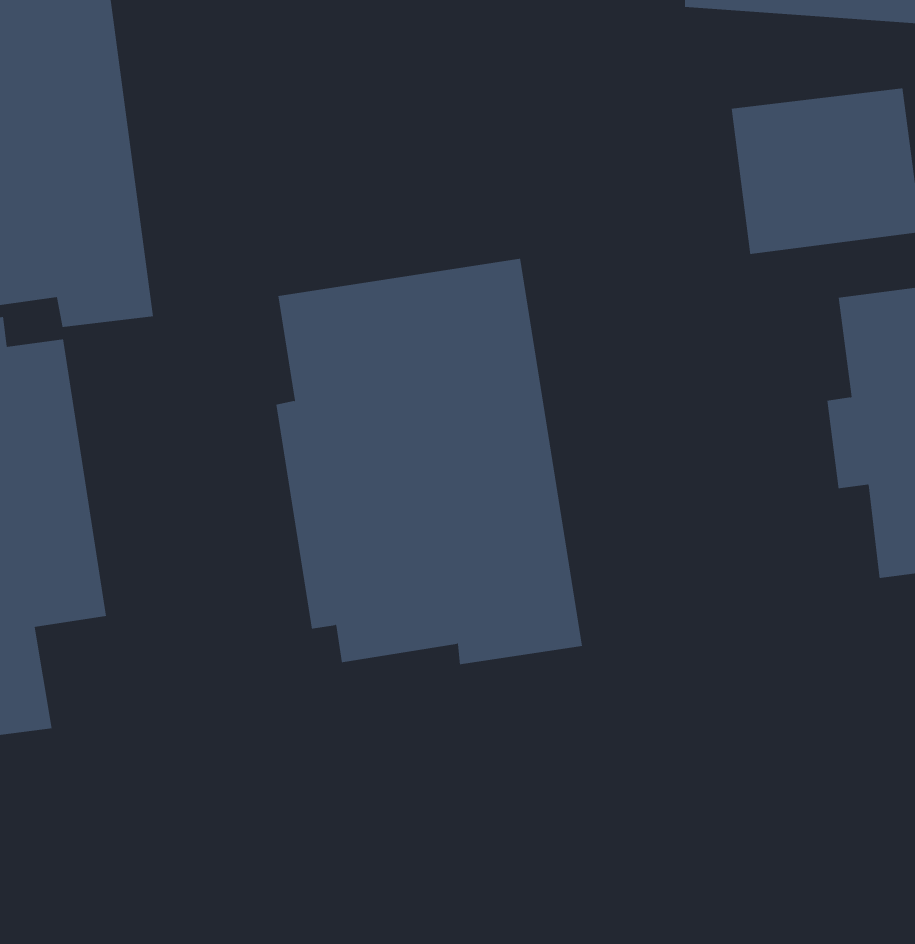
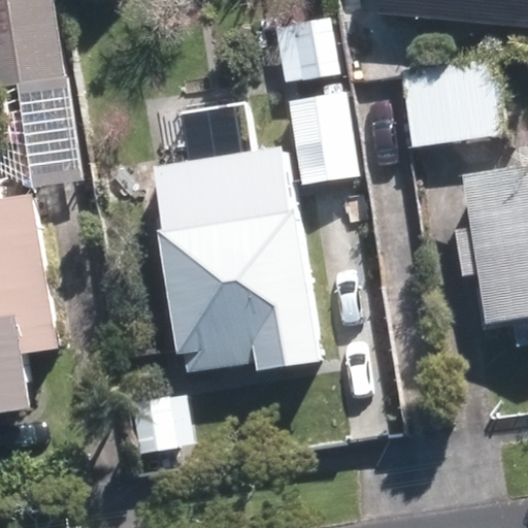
building: none -> [294,73,368,183]

